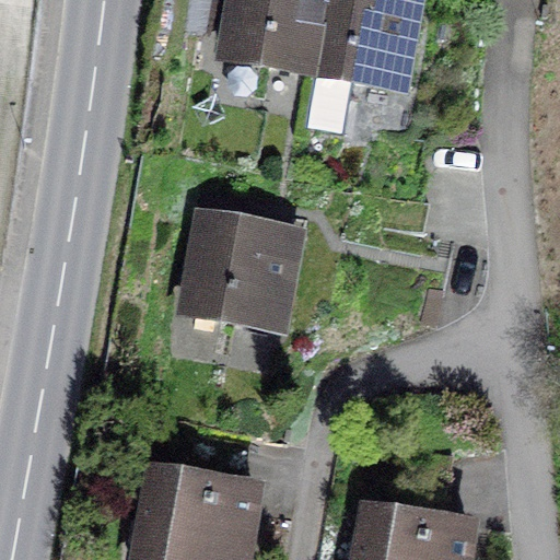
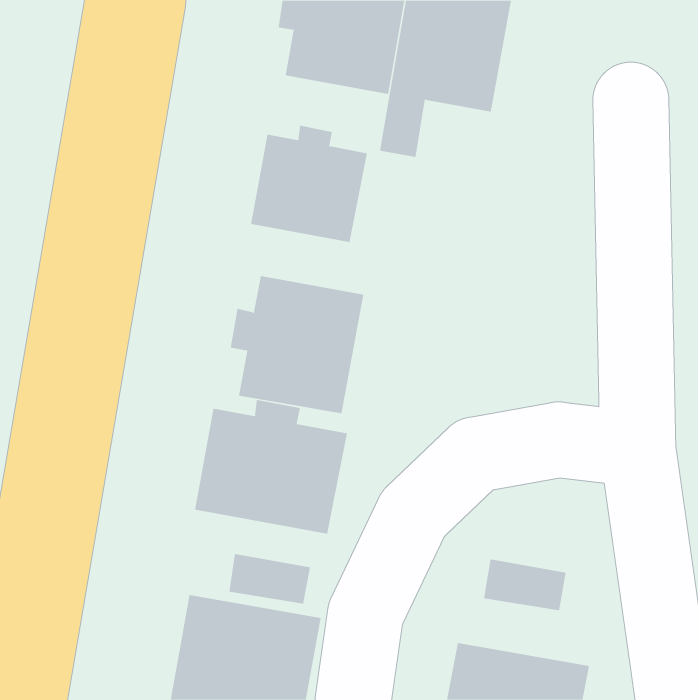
building: none -> [250,125,367,243]
building: none -> [195,399,348,534]

